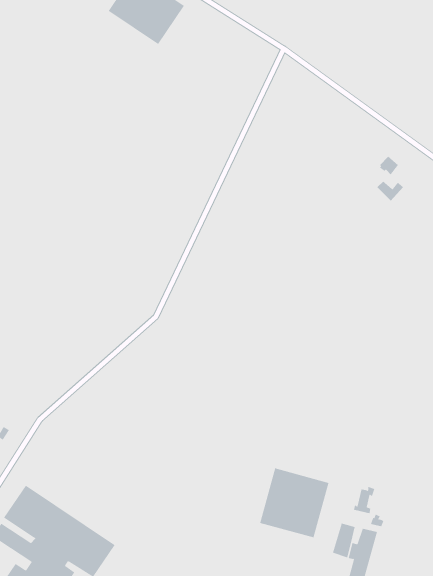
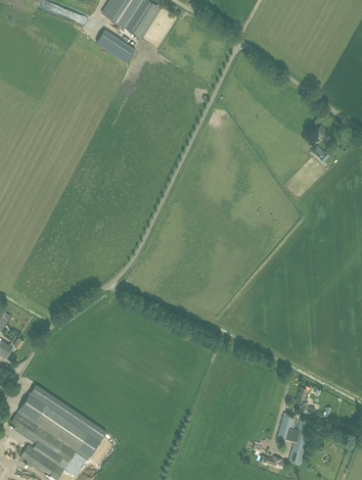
building: none -> [94,30,134,63]
building: [260,468,329,538] -> none

